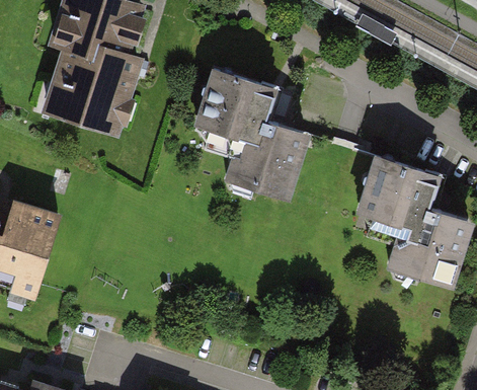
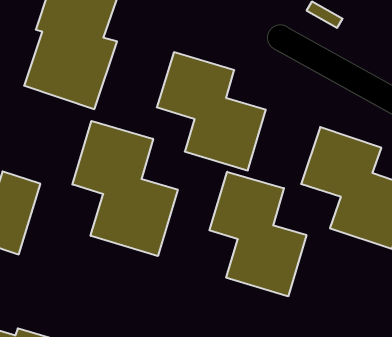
building: none -> [72,121,178,256]
building: none -> [209,172,306,296]

